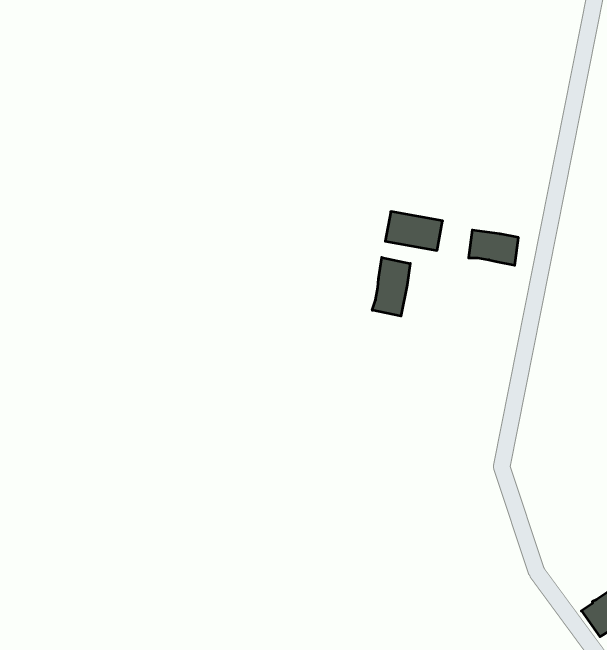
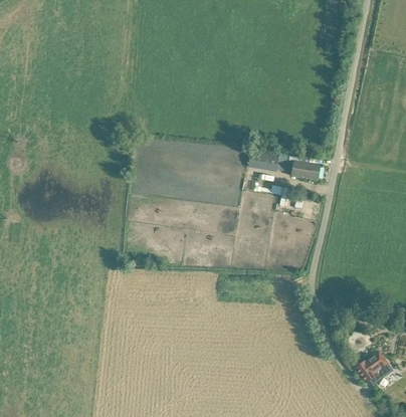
building: [372,257,410,316] -> none

